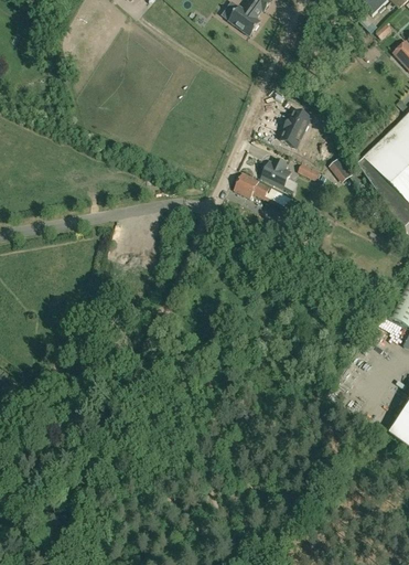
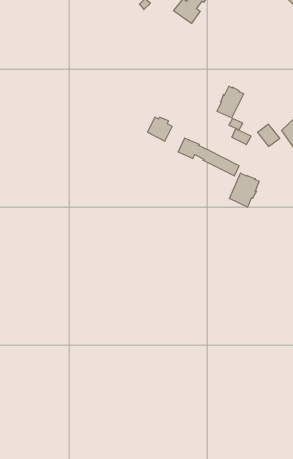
building: [261,158,291,186] -> [147,117,172,141]
building: none -> [229,173,259,207]

